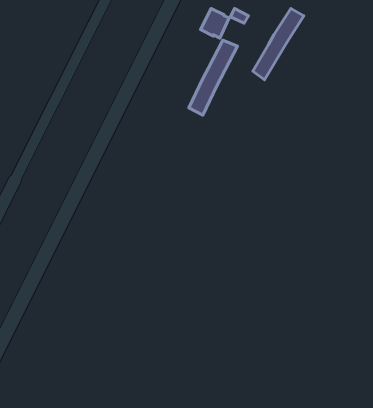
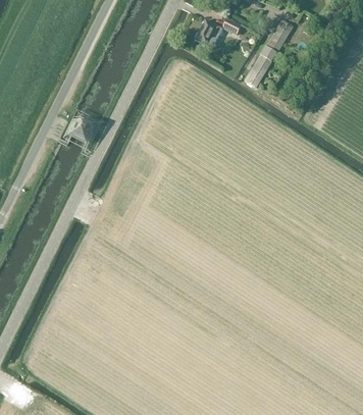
building: [189,40,237,115] -> none

